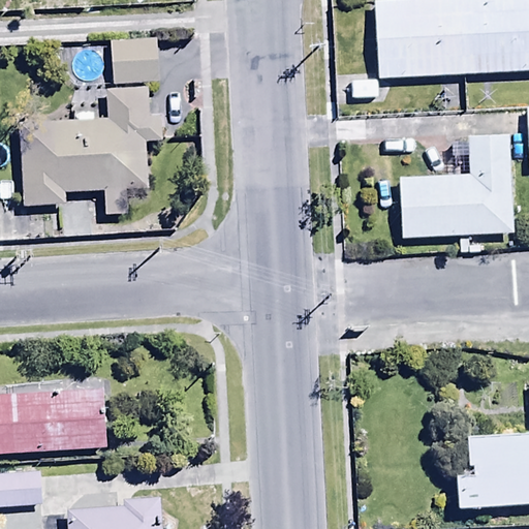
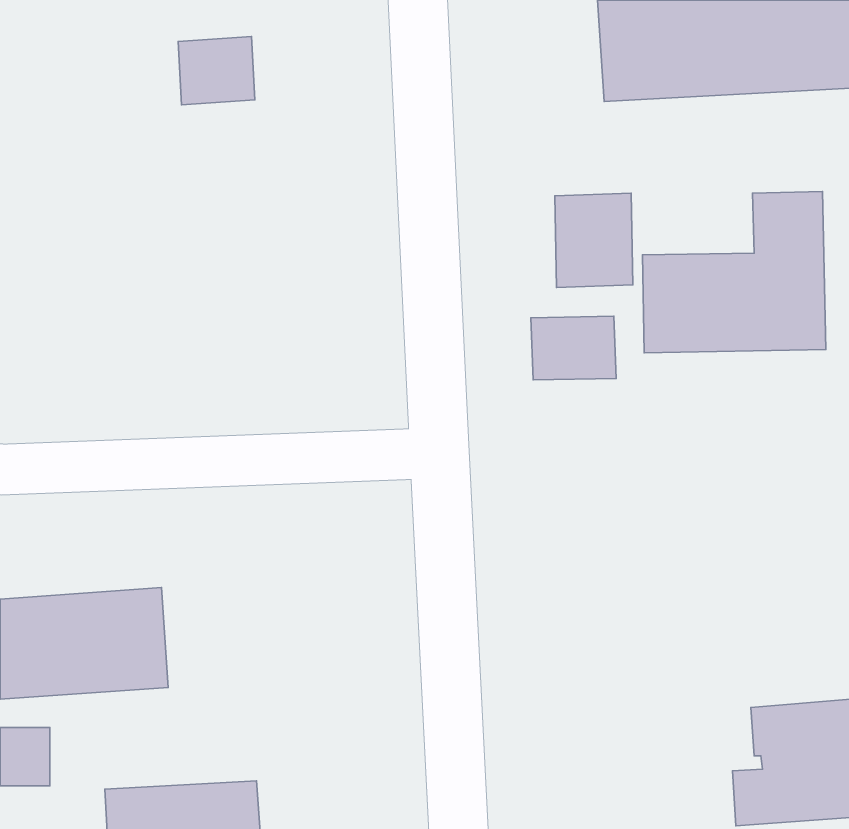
building: [21,103,161,231] -> none
building: none -> [555,193,633,288]
building: none -> [531,316,616,380]

